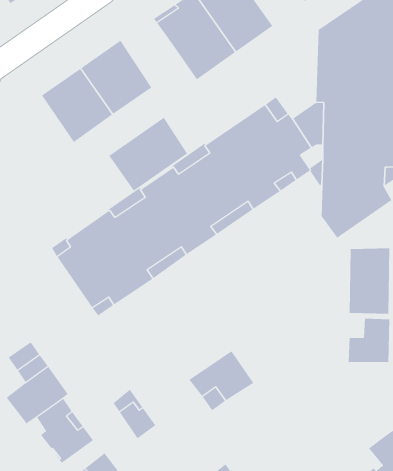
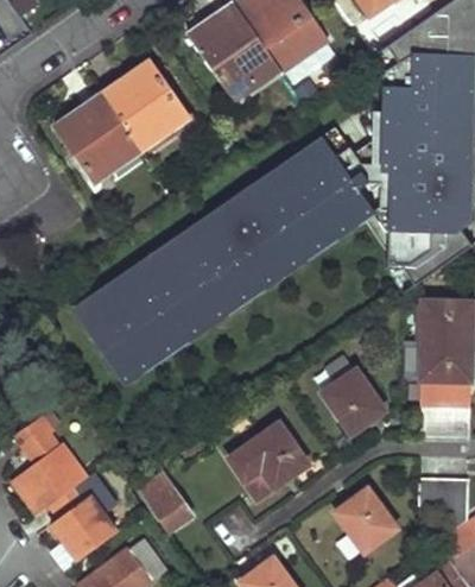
building: [108,117,188,191] -> none
building: none -> [325,371,382,430]
building: none -> [417,485,463,544]
building: none -> [340,491,399,554]

